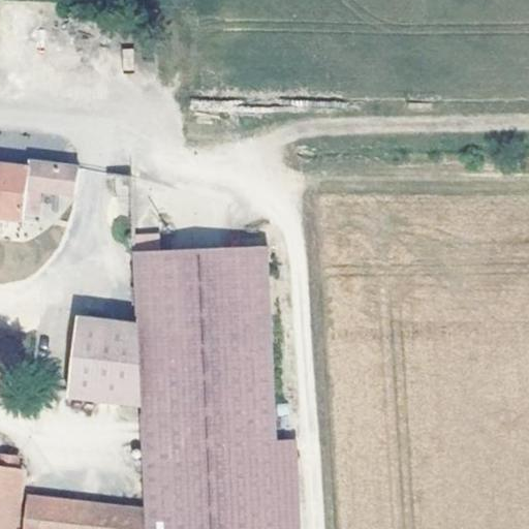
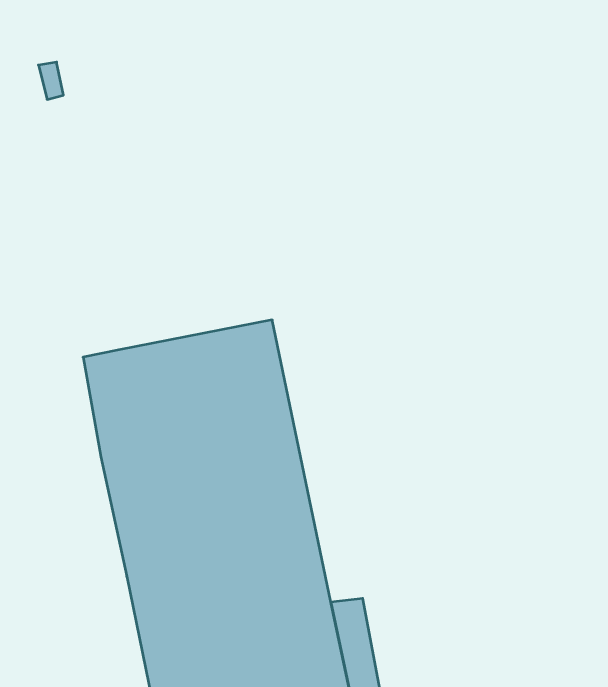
building: [75,319,139,406] -> none

